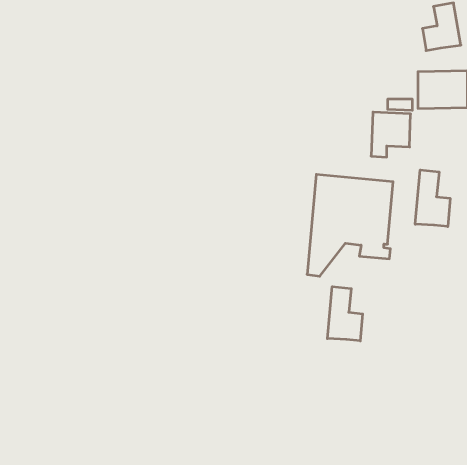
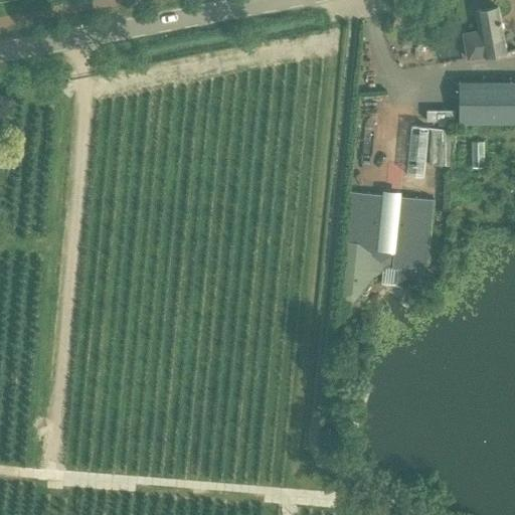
building: [415,170,450,227] -> none
building: [327,287,363,341] -> none

